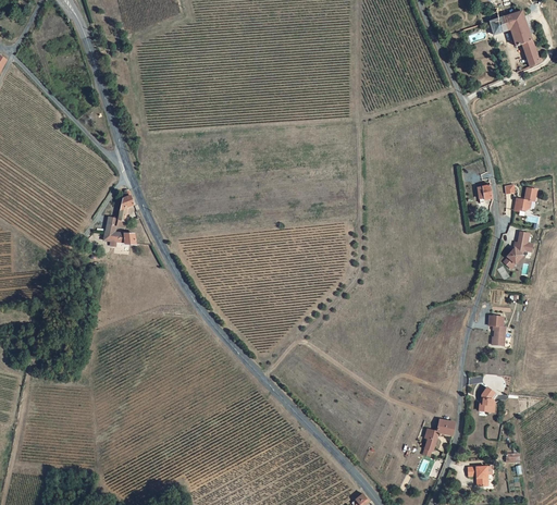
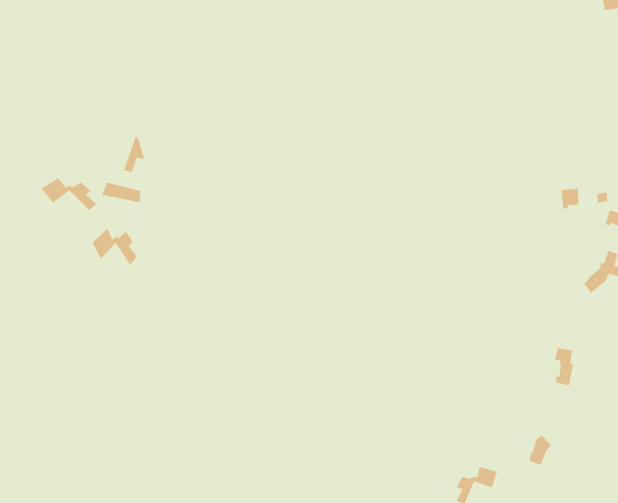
building: none -> [41,178,97,211]
building: none -> [92,228,137,265]

